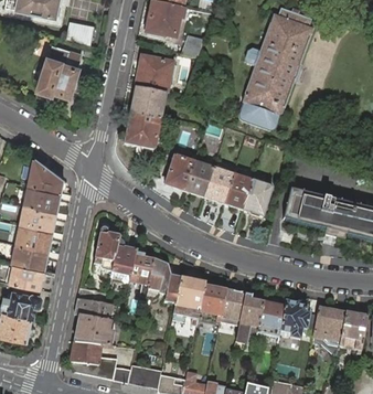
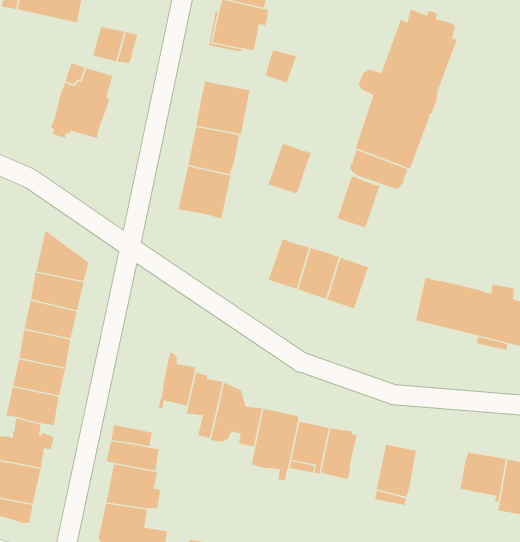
building: [164,155,194,190] -> [268,142,312,195]
building: [243,181,273,216] -> [336,176,381,229]
building: [93,227,119,281] -> none
building: [235,294,264,343] -> none
building: [280,299,317,338] -> none

